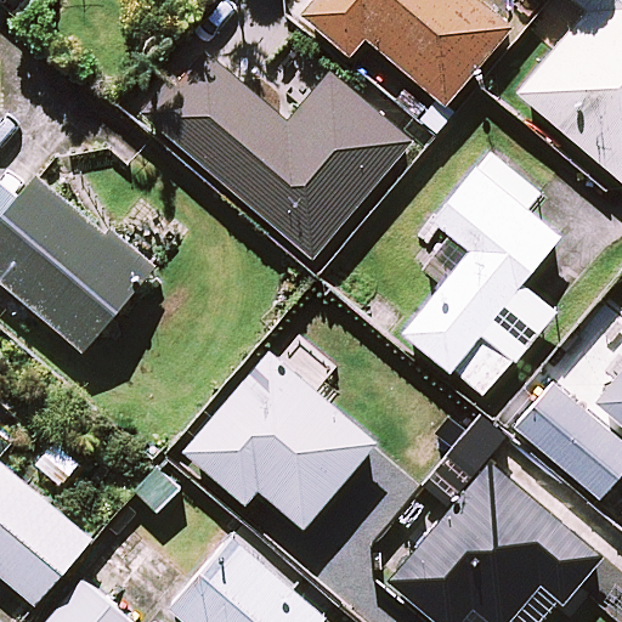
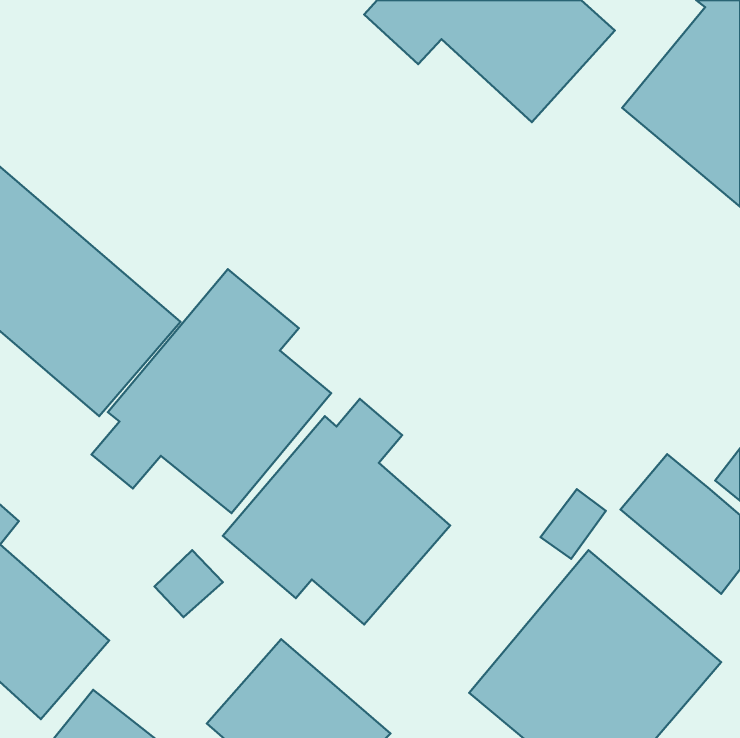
building: [146,52,409,258] -> none
building: [406,171,559,395] -> none
building: none -> [92,269,331,513]

